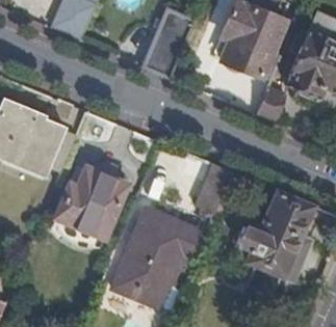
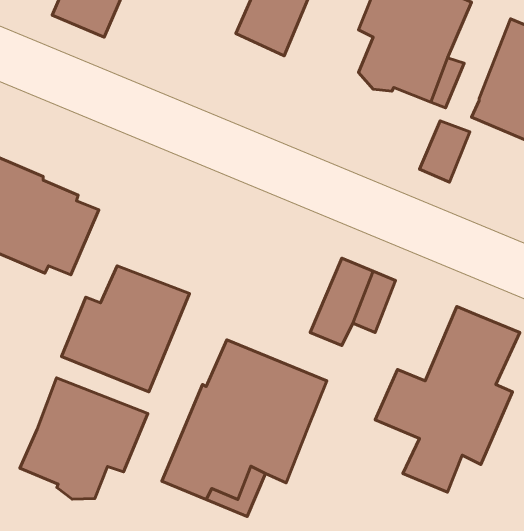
building: [141,37,180,77] -> none
building: none -> [20,378,148,499]

